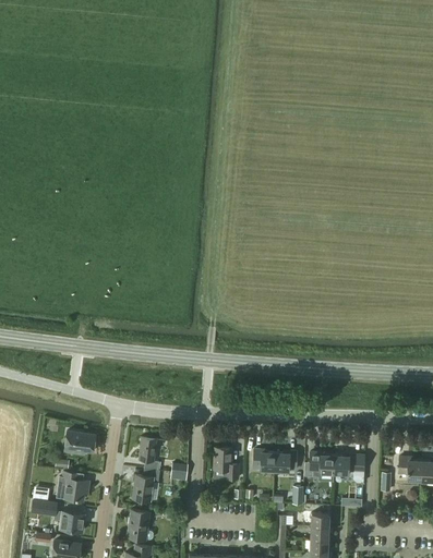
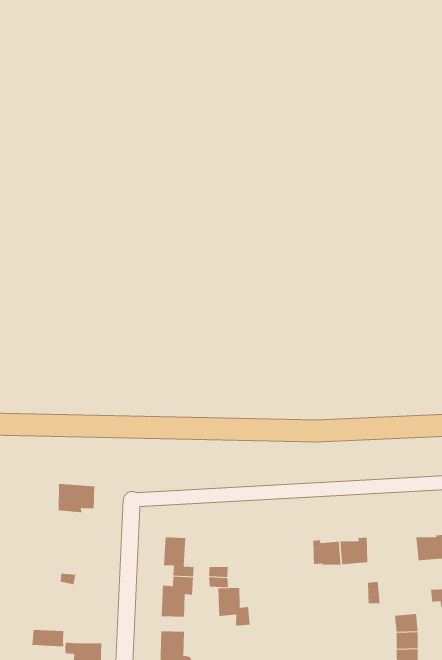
building: [65,432,96,456] -> [58,484,95,513]
building: [214,449,238,480] -> [218,588,251,626]
building: [310,453,334,474] -> none
building: [56,473,89,501] -> none

